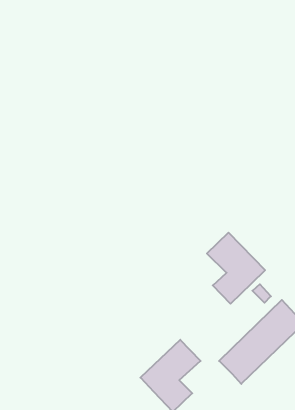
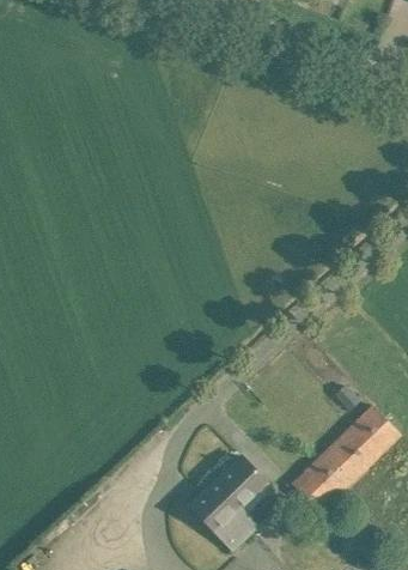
building: [207,233,265,304] -> none

